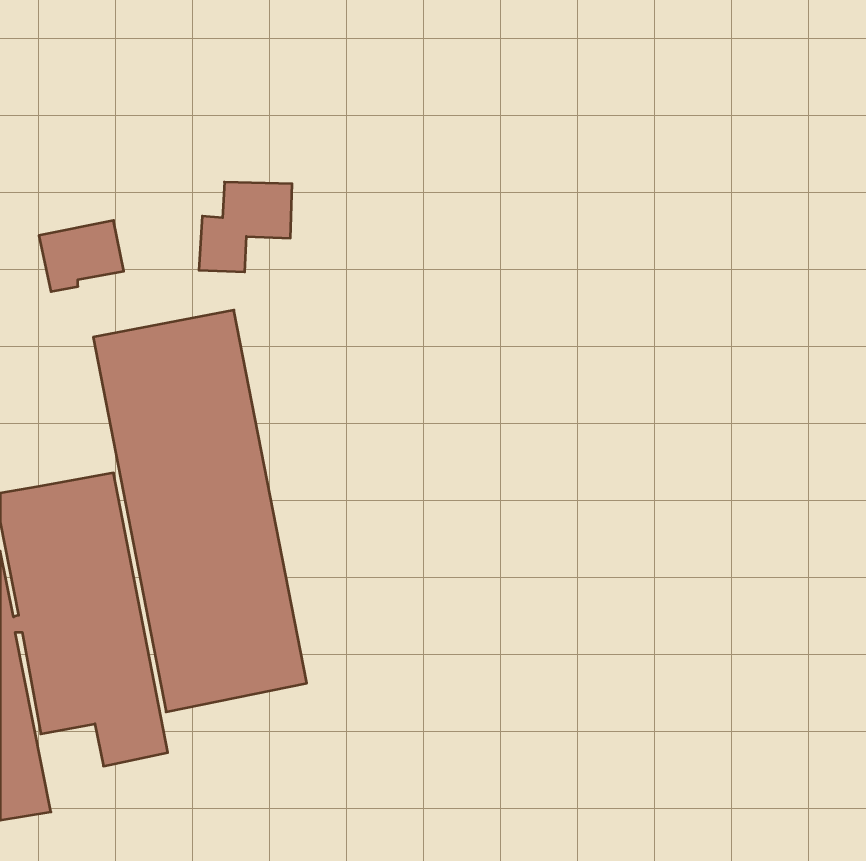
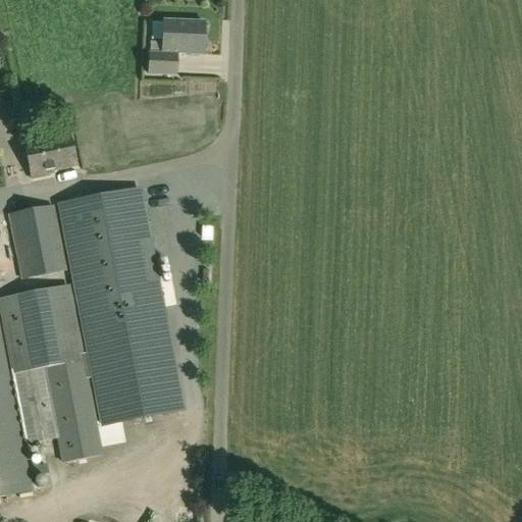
building: [199,182,292,272] -> [148,18,204,72]
building: none -> [7,202,65,276]

